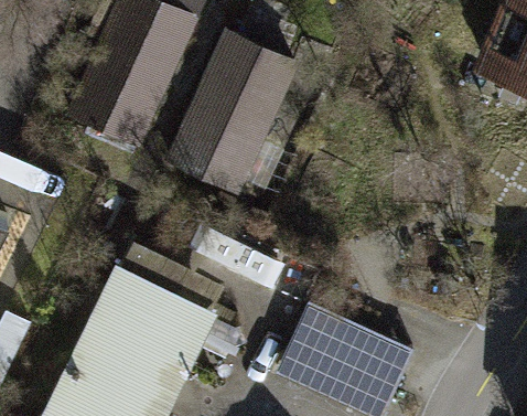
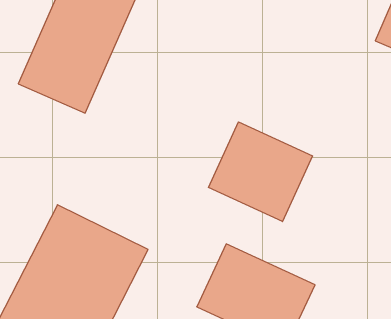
building: [172,31,306,190] -> none
building: none -> [209,122,312,222]

